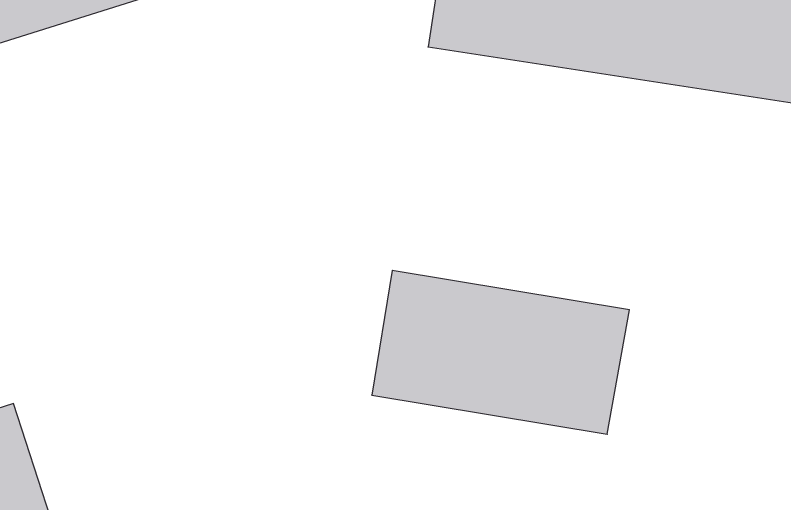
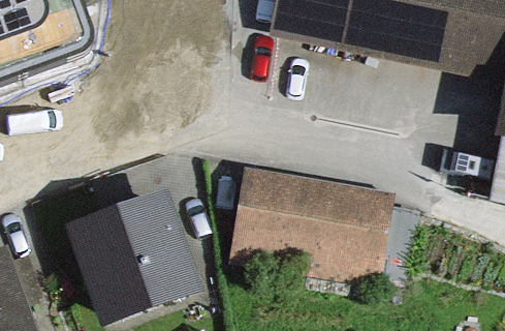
building: none -> [80,192,201,314]

